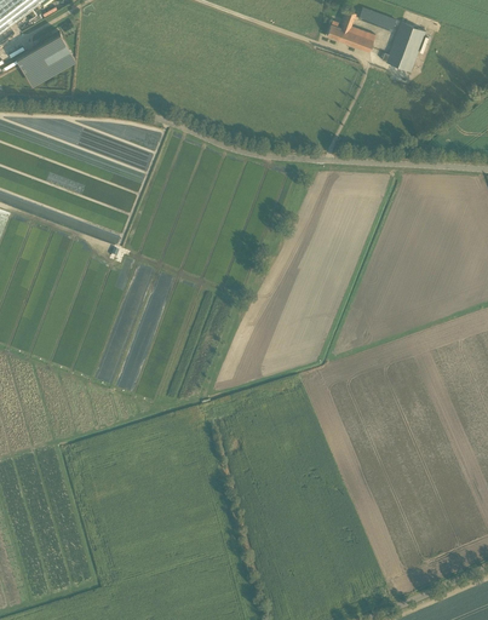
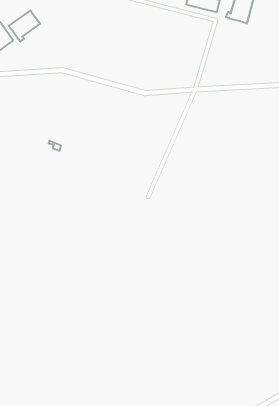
building: none -> [9,10,40,42]

